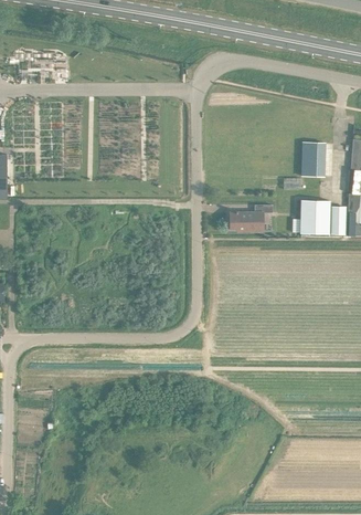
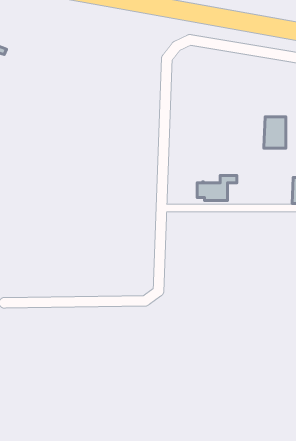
building: [299,200,329,234] -> none

